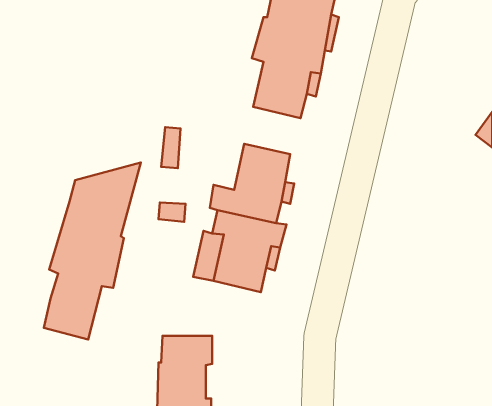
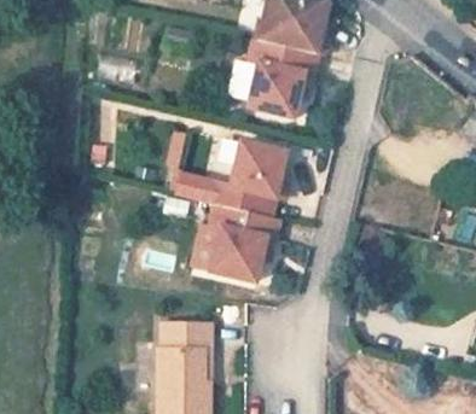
building: [44,163,141,339] -> none

